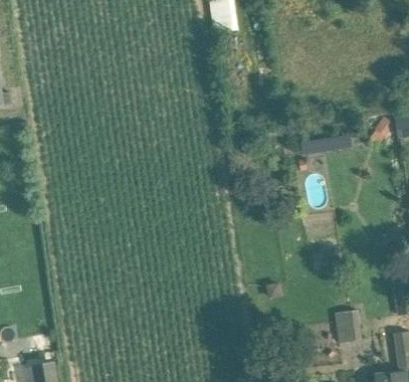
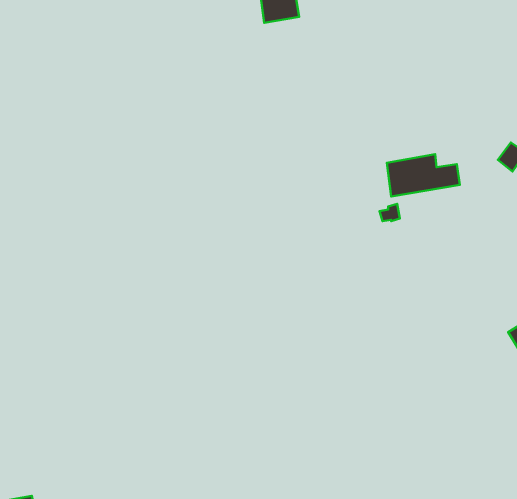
building: [335,310,362,342] -> none

